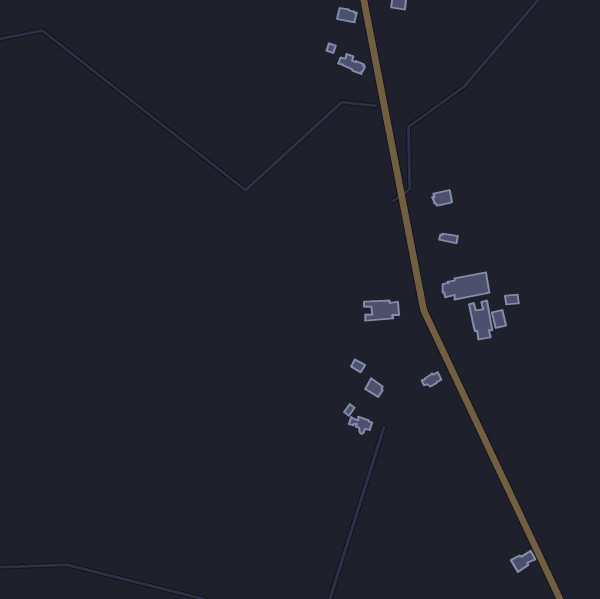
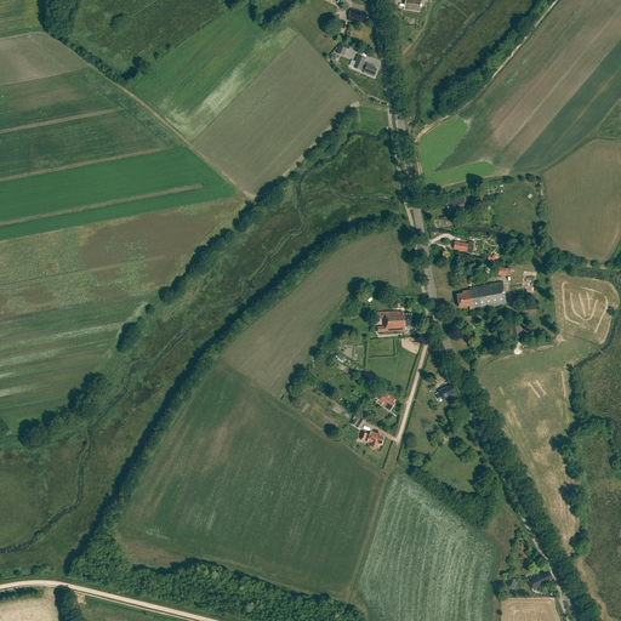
building: [469,300,492,340] -> none

